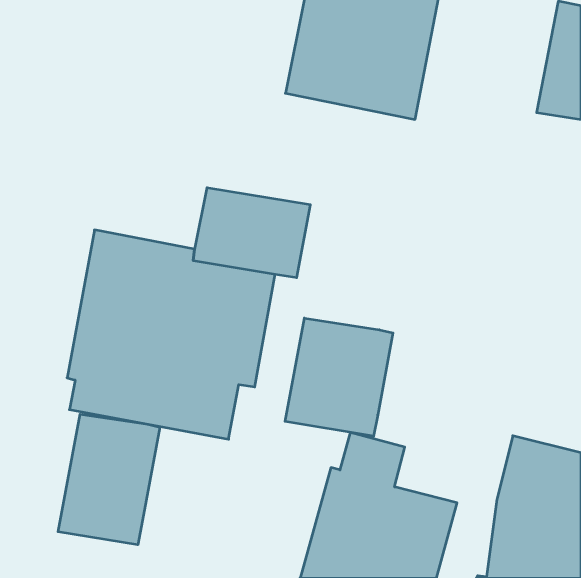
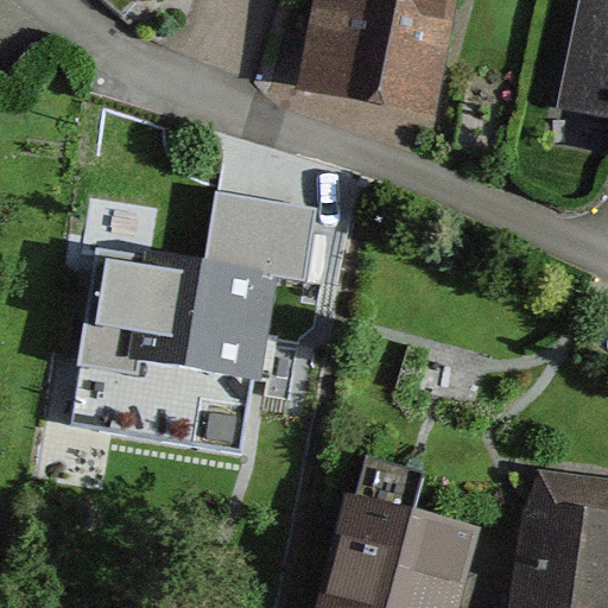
building: [285,318,393,436] -> none
building: [58,414,160,545] -> none

